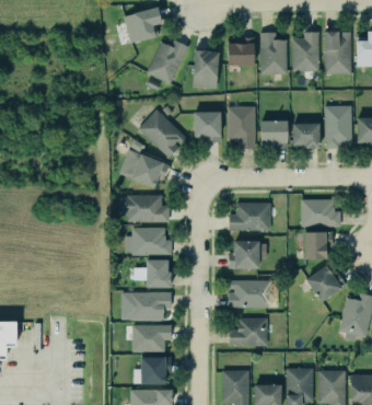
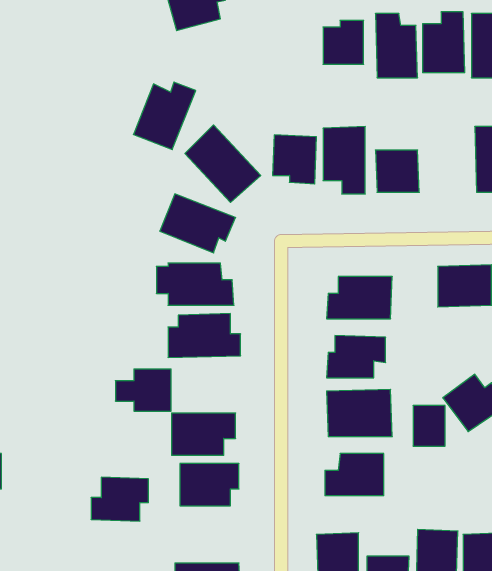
building: [148,39,188,83] -> [133,82,196,150]
building: [194,50,219,88] -> none
building: [291,124,318,149] -> none
building: [303,225,324,252] -> [413,406,445,446]
building: [135,259,171,287] -> [115,369,171,411]
building: [135,356,172,384] -> [91,477,148,521]

